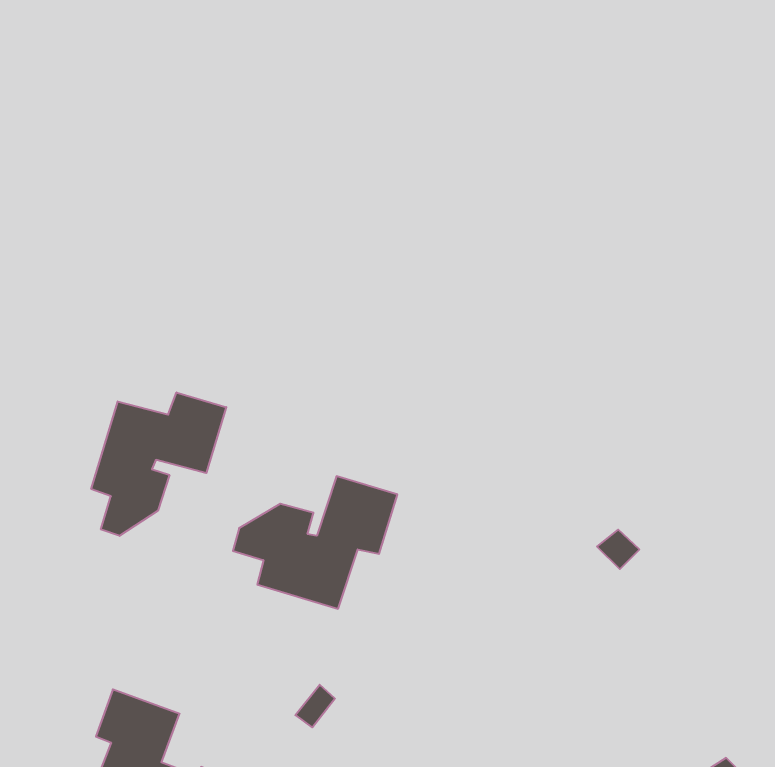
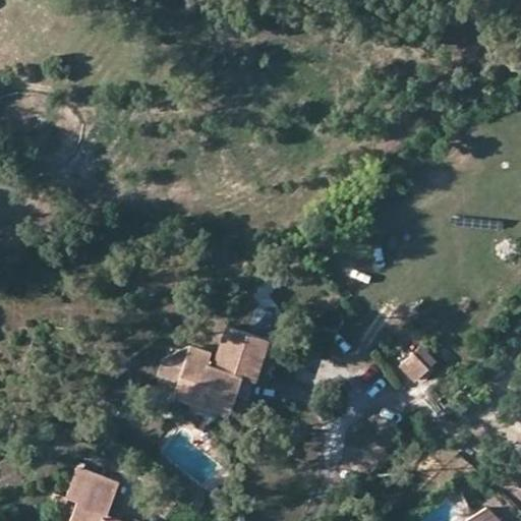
building: [91,392,226,536] -> none

